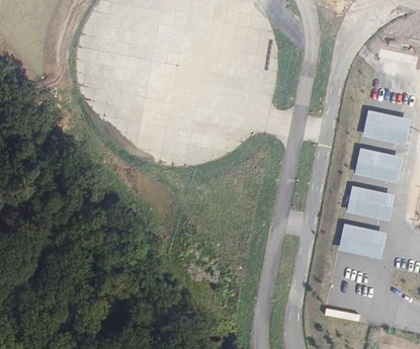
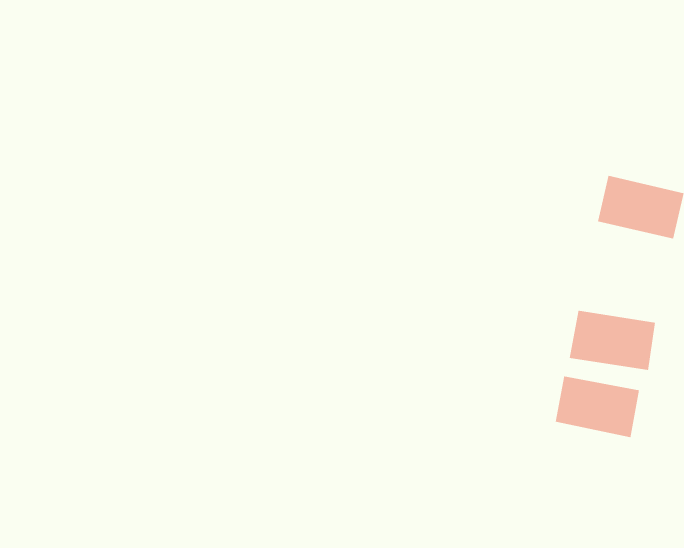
building: [354,149,402,181] -> none

